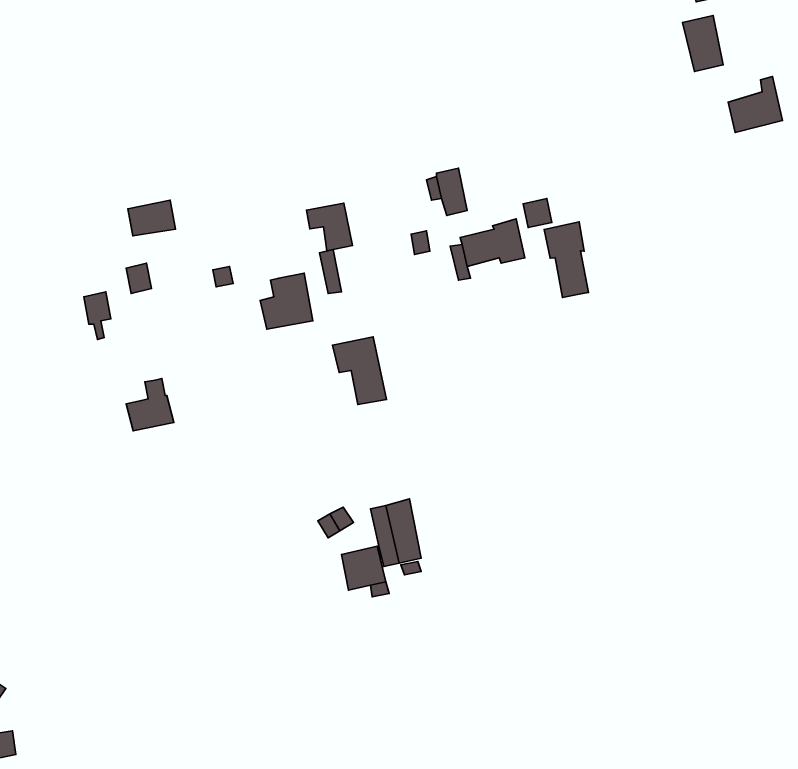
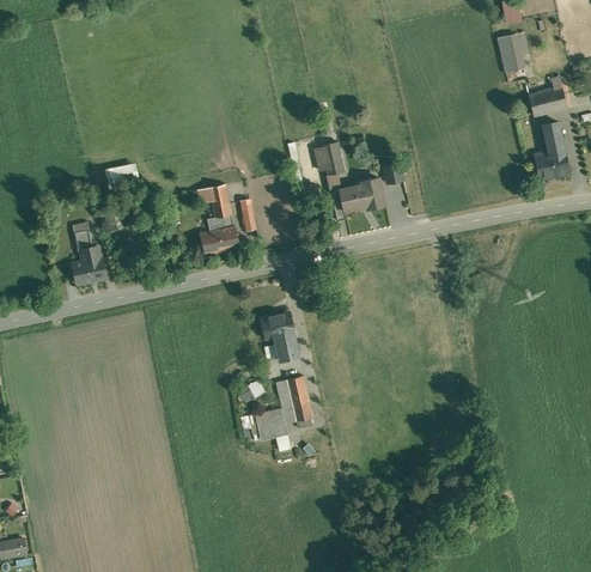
building: none -> [536,122,568,178]
building: [307,203,352,251] -> [197,185,230,219]
building: [544,222,589,297] -> none
building: [332,337,387,405] -> [261,312,299,360]
building: [126,378,174,431] -> [73,247,106,284]

